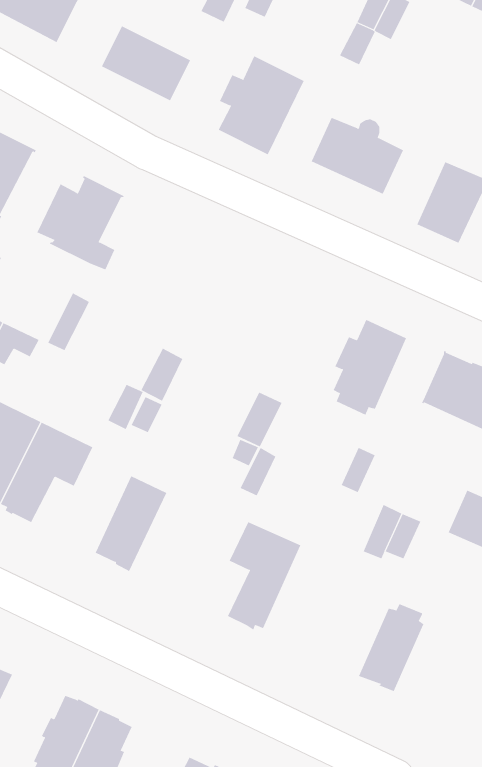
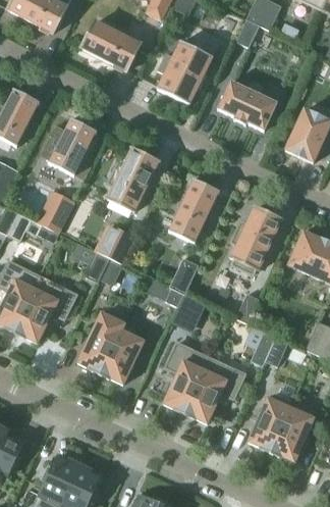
building: none -> [108,152,157,210]
building: none -> [168,178,219,243]
building: none -> [100,322,144,384]
building: none -> [186,356,245,422]
building: none -> [271,403,314,460]

